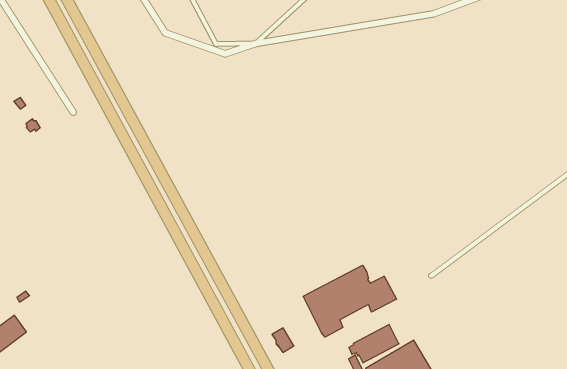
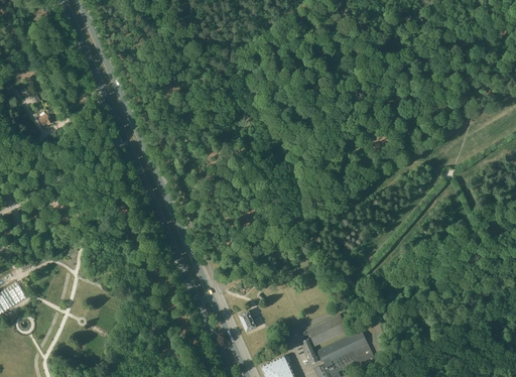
building: [303,265,397,337] -> none

